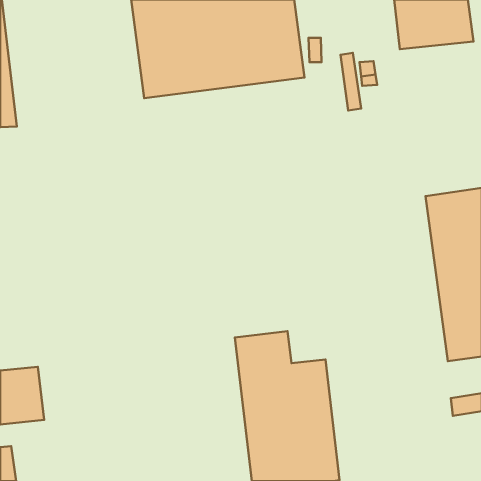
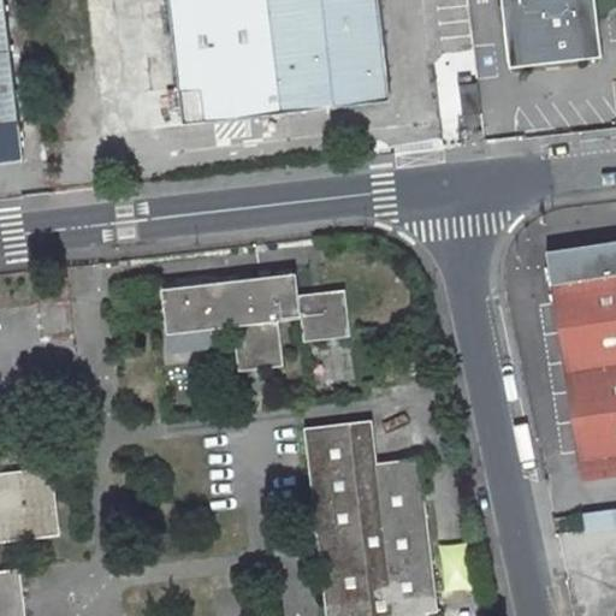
building: none -> [160,277,348,377]

